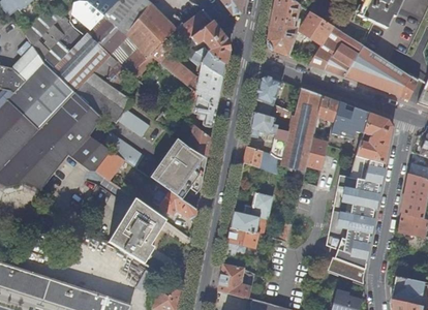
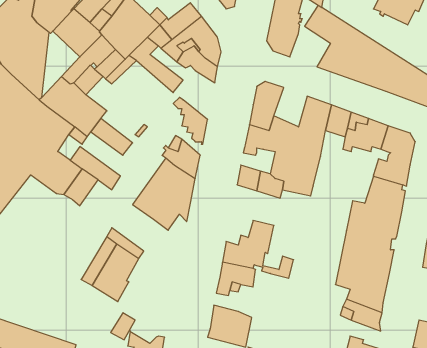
building: [78,33,110,89] -> none
building: [196,62,223,107] -> none
building: [306,138,328,169] -> none
building: [161,191,196,219] -> none

